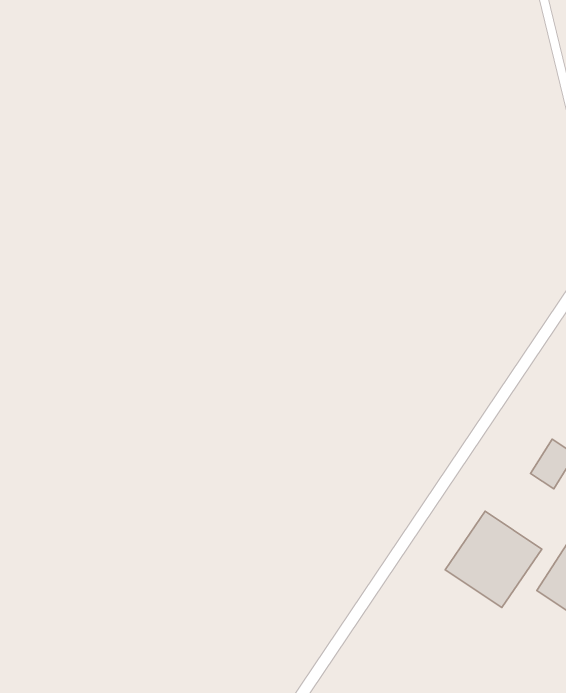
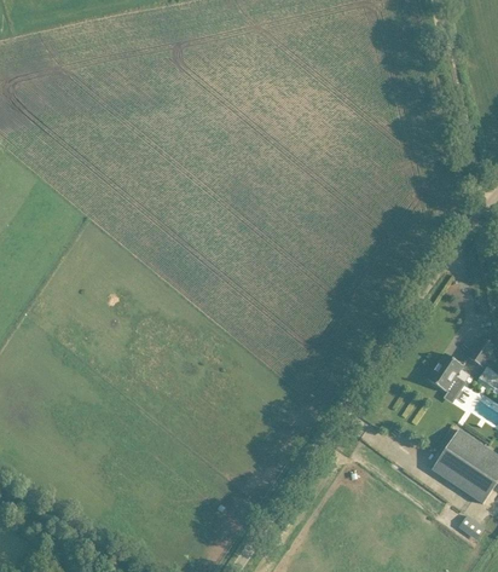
building: [445,511,542,608] -> none

